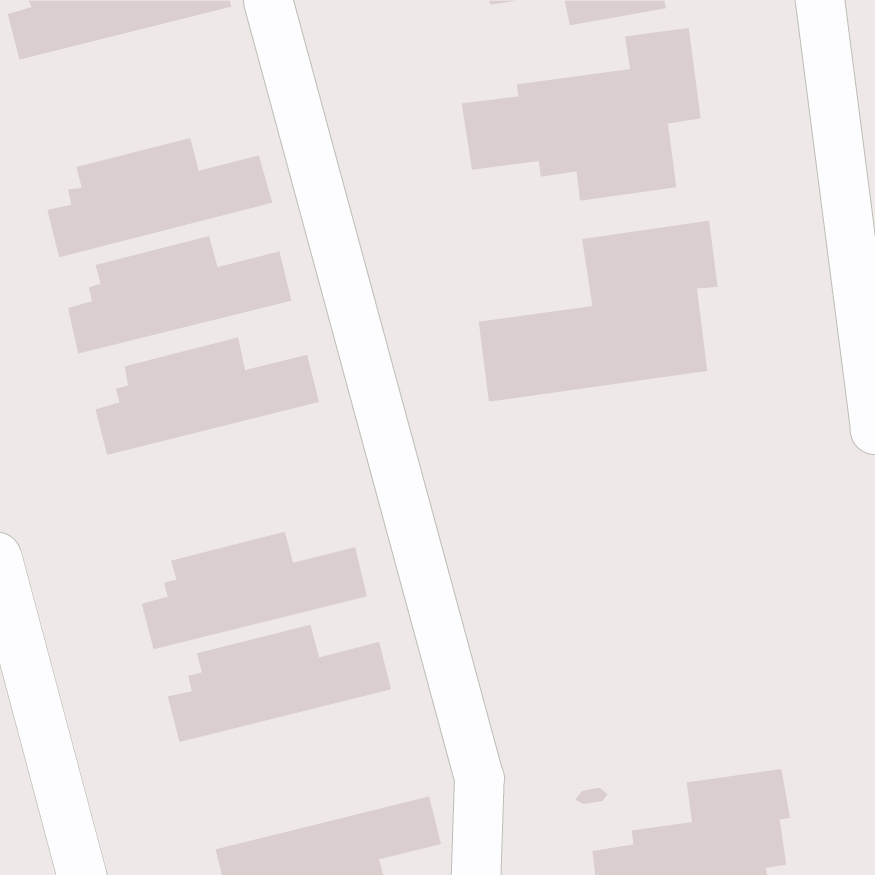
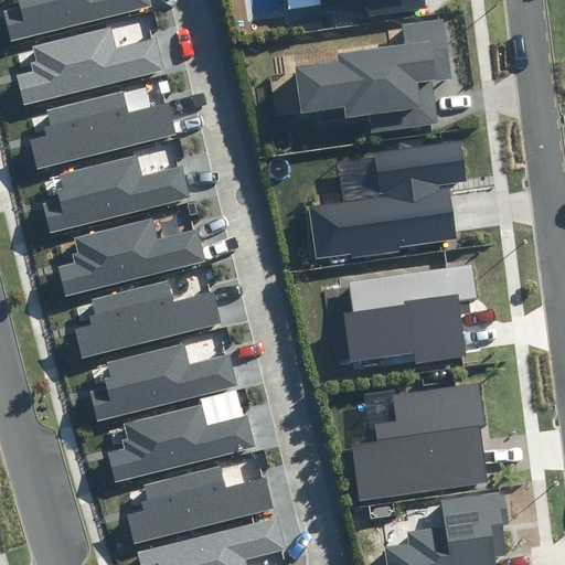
building: none -> [15,26,161,104]
building: none -> [342,268,476,367]
building: none -> [76,279,221,356]
building: none -> [350,390,489,504]
building: none -> [126,466,271,542]

